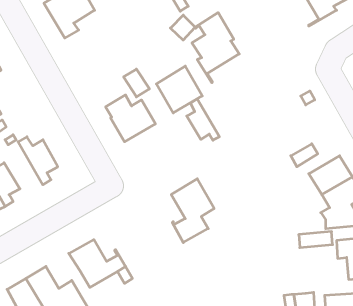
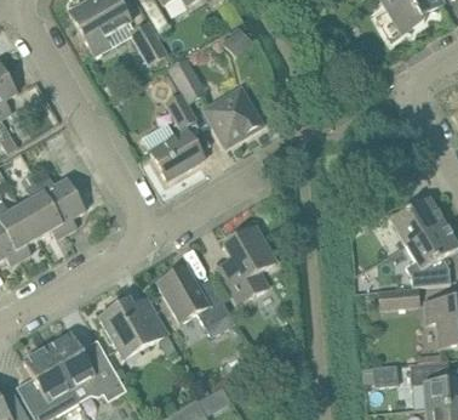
building: none -> [130,21,166,63]
building: [192,13,239,83] -> none
building: none -> [168,56,205,97]
building: [187,99,219,140] -> none
building: none -> [19,180,67,238]
building: none -> [156,265,229,325]

